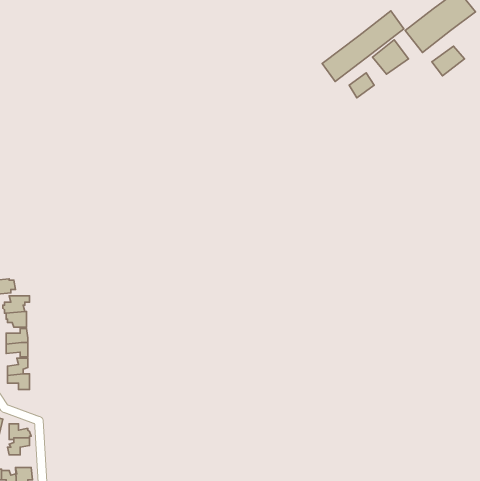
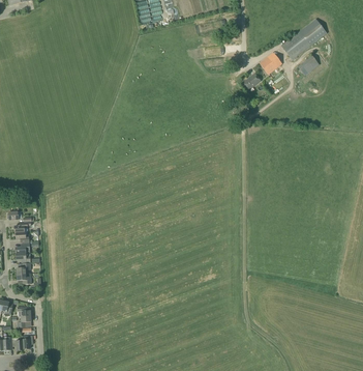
building: [322,11,404,81] -> none

